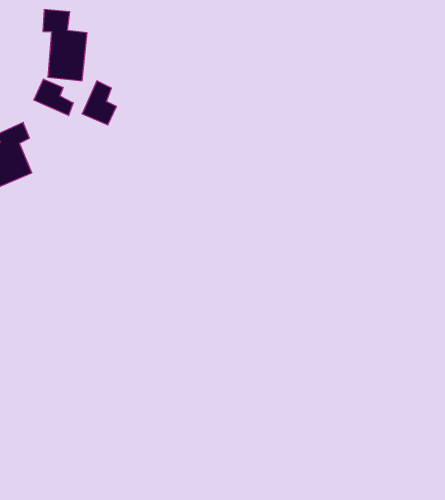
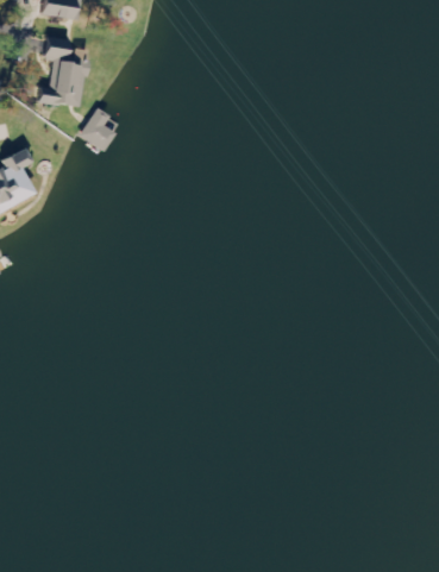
building: [34,79,73,116] -> none

